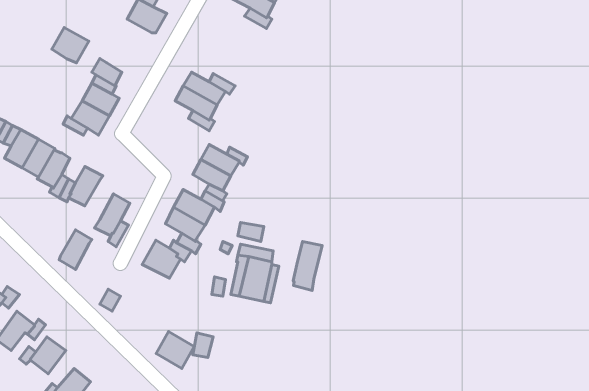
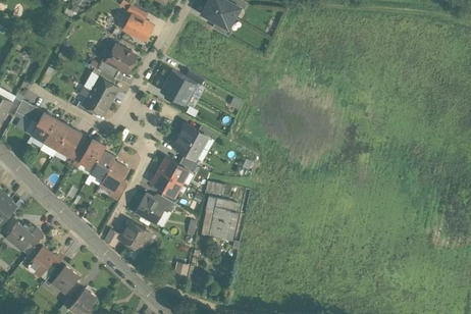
building: [52,27,89,63] -> [109,45,137,71]
building: [59,230,92,270] -> [92,149,116,178]
building: [293,241,322,291] -> none
building: [156,332,194,368] -> [121,222,150,250]

